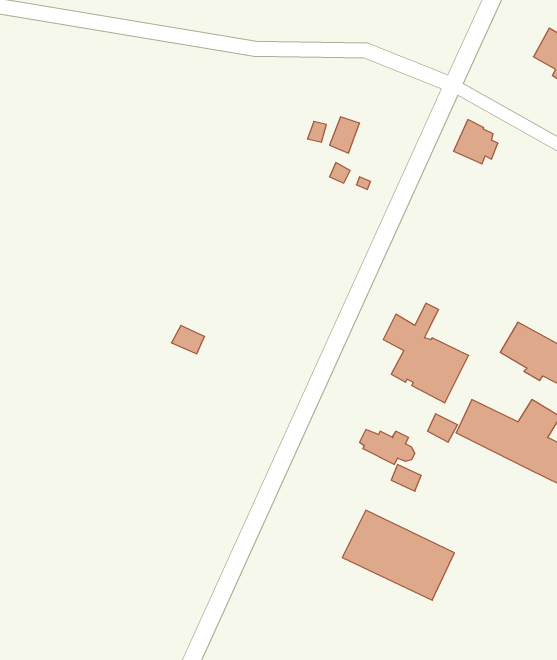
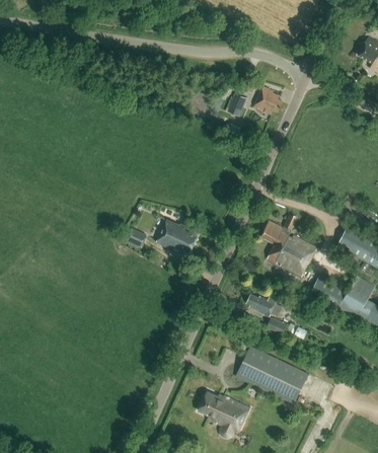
building: [454,120,498,164] -> [253,86,282,115]
building: none -> [155,218,197,253]
building: none -> [198,391,249,437]

